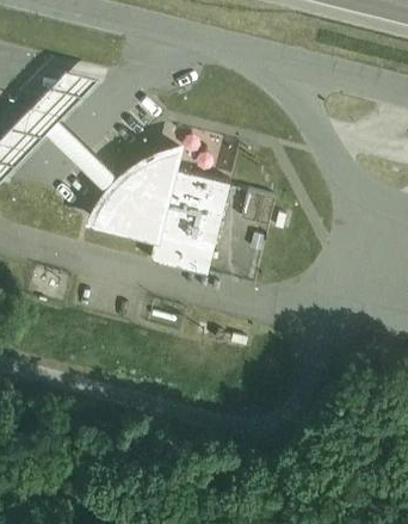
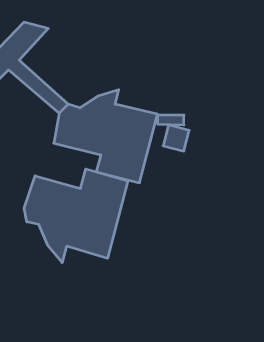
building: none -> [24,169,128,263]

